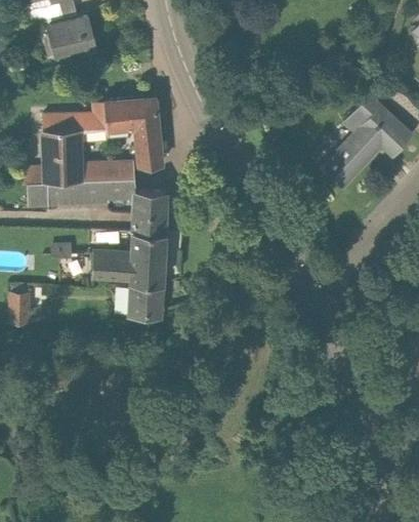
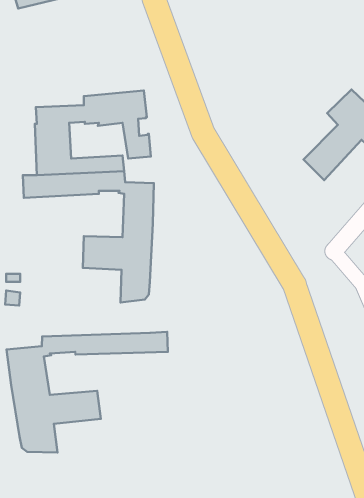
building: [47,17,97,57] -> none
building: none -> [7,332,168,452]

